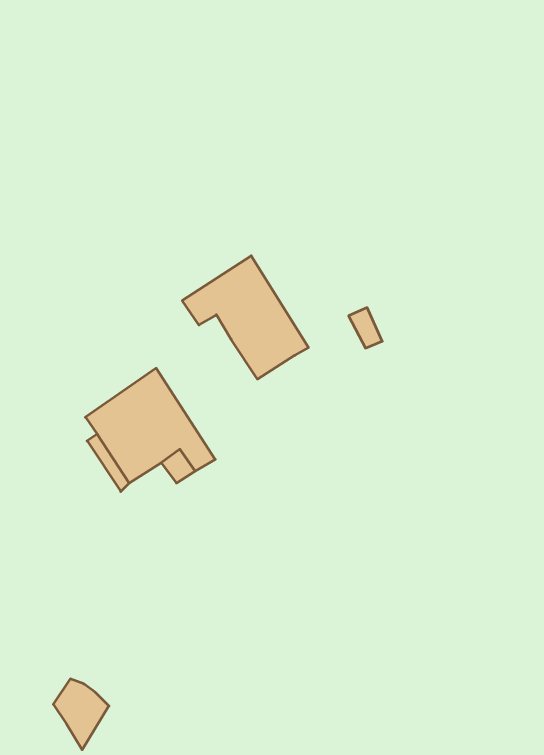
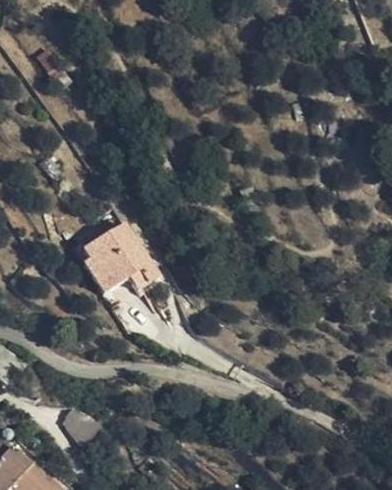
building: [182,256,308,379] -> none

